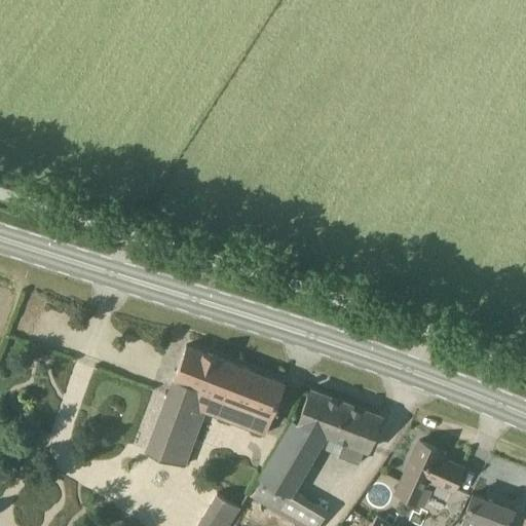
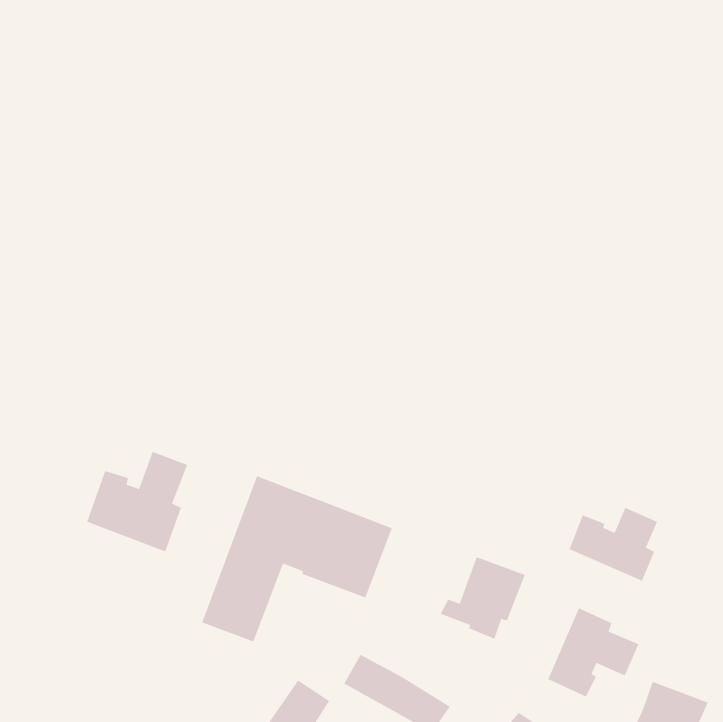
building: none -> [86,451,188,553]
building: none -> [568,507,658,582]
building: [262,391,346,492] -> none

